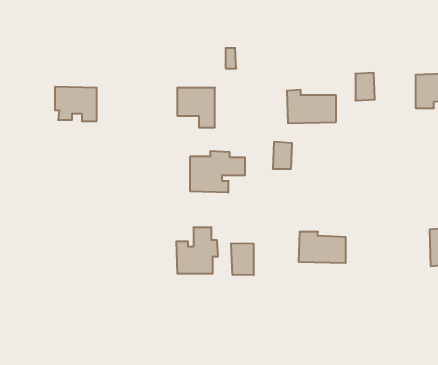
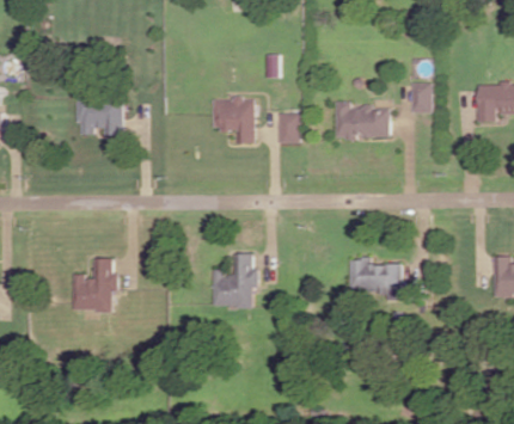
building: [273,142,292,169] -> [279,113,300,143]
building: [190,151,245,193] -> none
building: none -> [72,258,118,312]
building: [231,243,254,275] -> none

